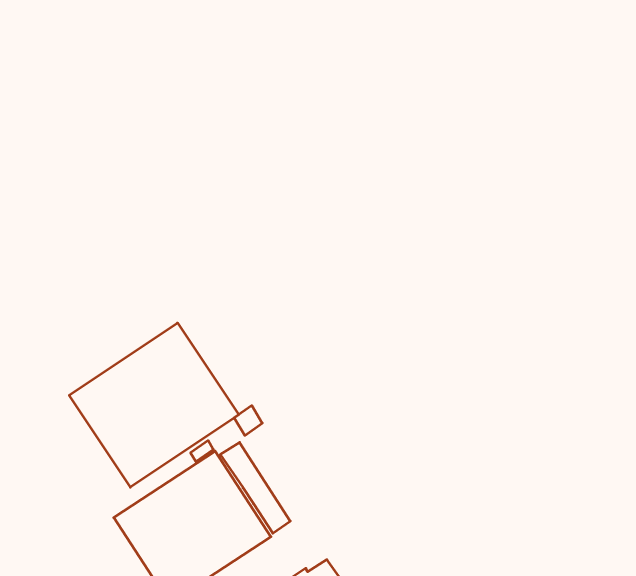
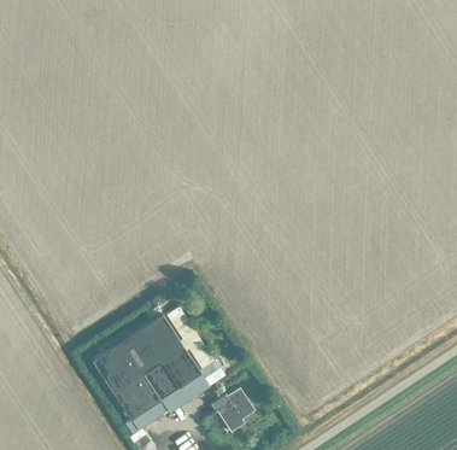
building: [69,323,239,487] -> none

